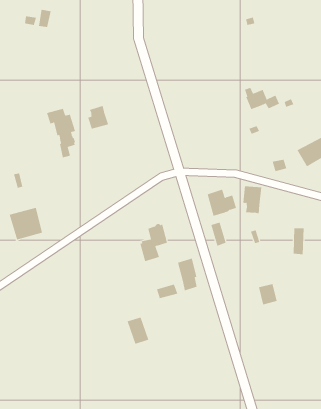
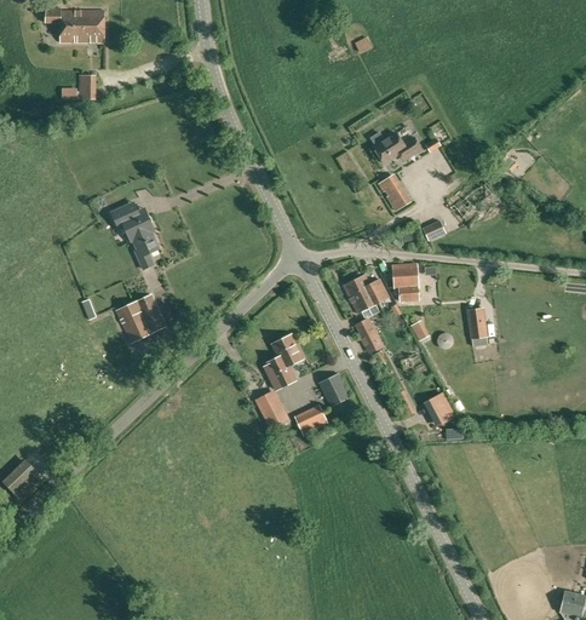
building: [87,105,109,130] -> none
building: [9,207,43,240] -> [116,294,166,343]
building: [127,317,149,345] -> [255,392,289,431]

